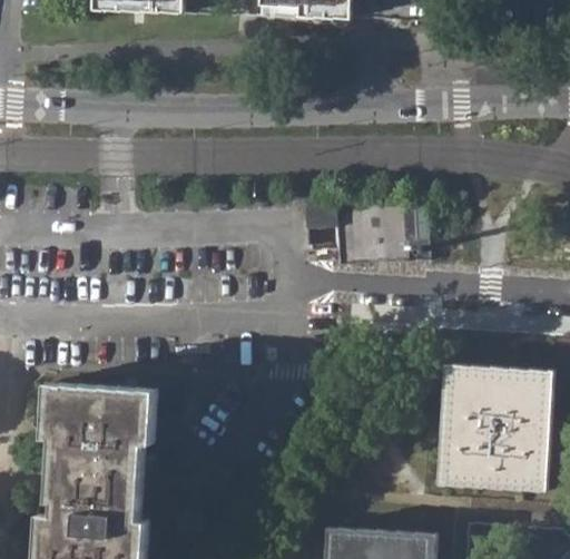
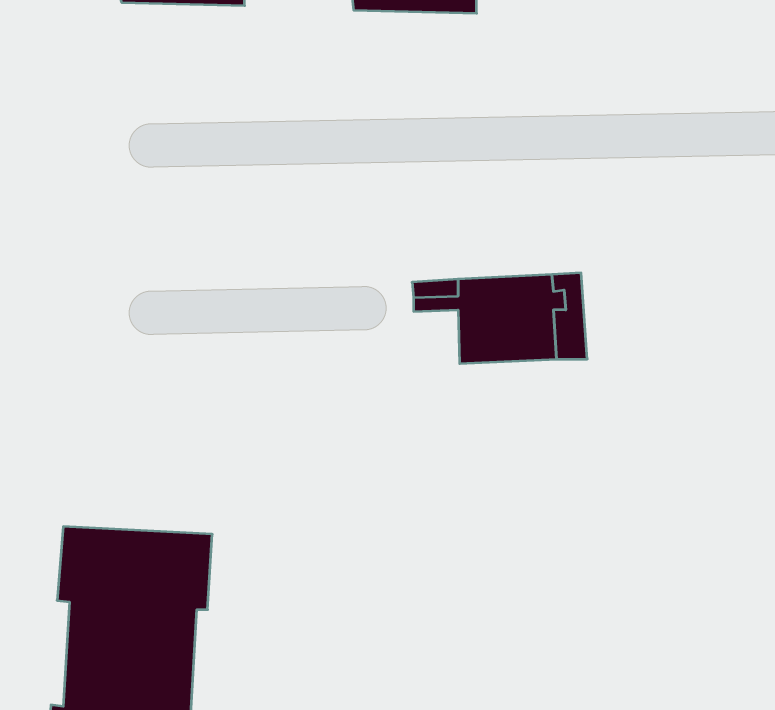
building: [435,366,552,496] -> none

